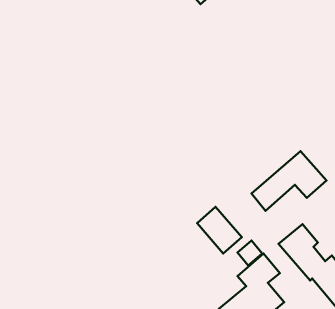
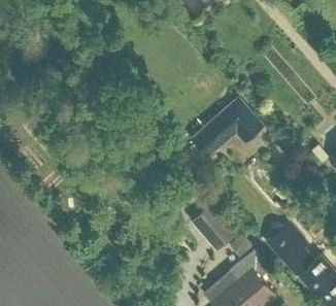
building: [252,151,326,211] -> [191,99,262,156]

